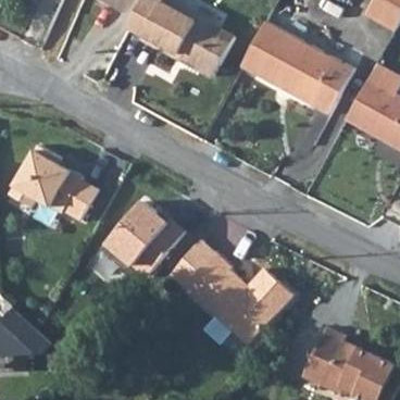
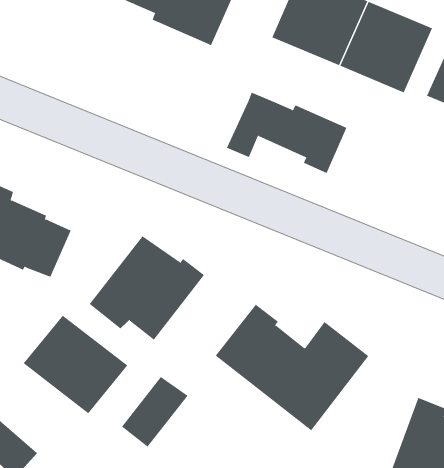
building: none -> [226,92,347,174]
building: [167,237,216,286] -> [121,376,189,447]
building: none -> [23,315,128,414]

